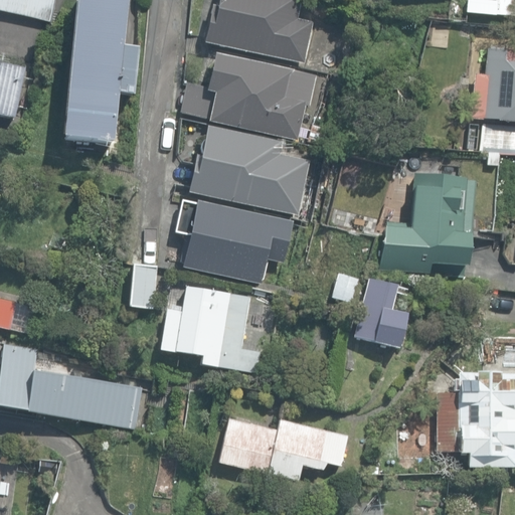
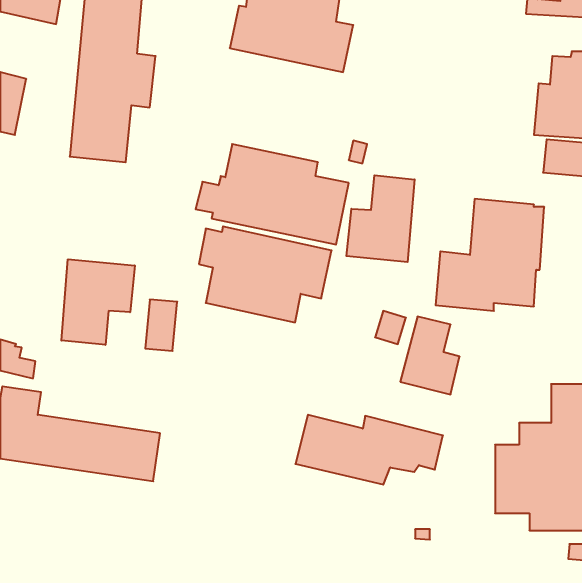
building: [180,53,316,141] -> none
building: none -> [346,175,415,262]
building: none -> [61,259,135,345]
building: [161,287,261,371] -> none
building: [218,418,348,480] -> [295,415,443,485]

